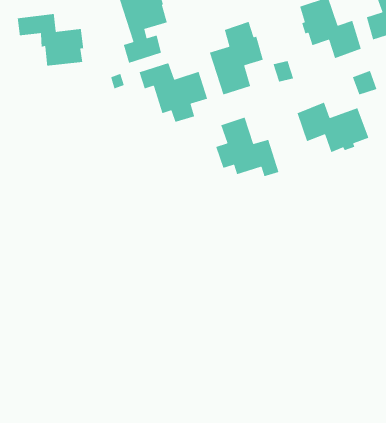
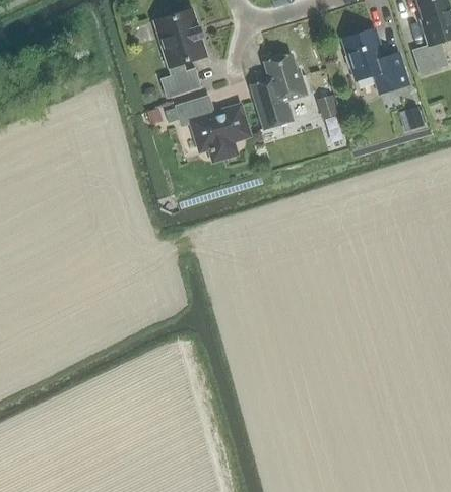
building: [17,13,84,67] -> none
building: [297,102,369,153] -> none
building: [215,116,280,177] -> none

